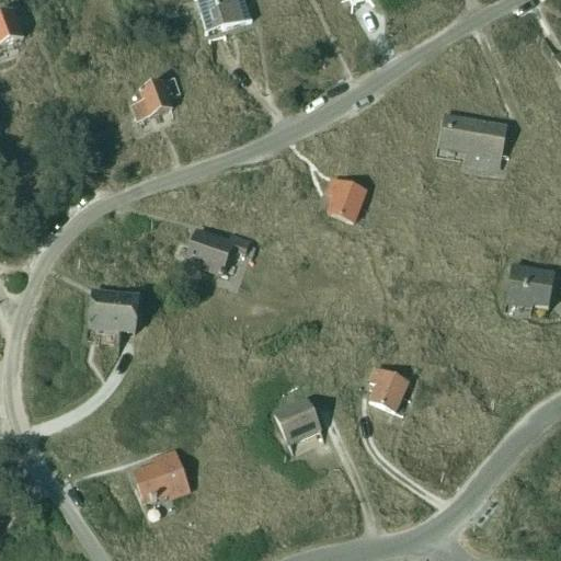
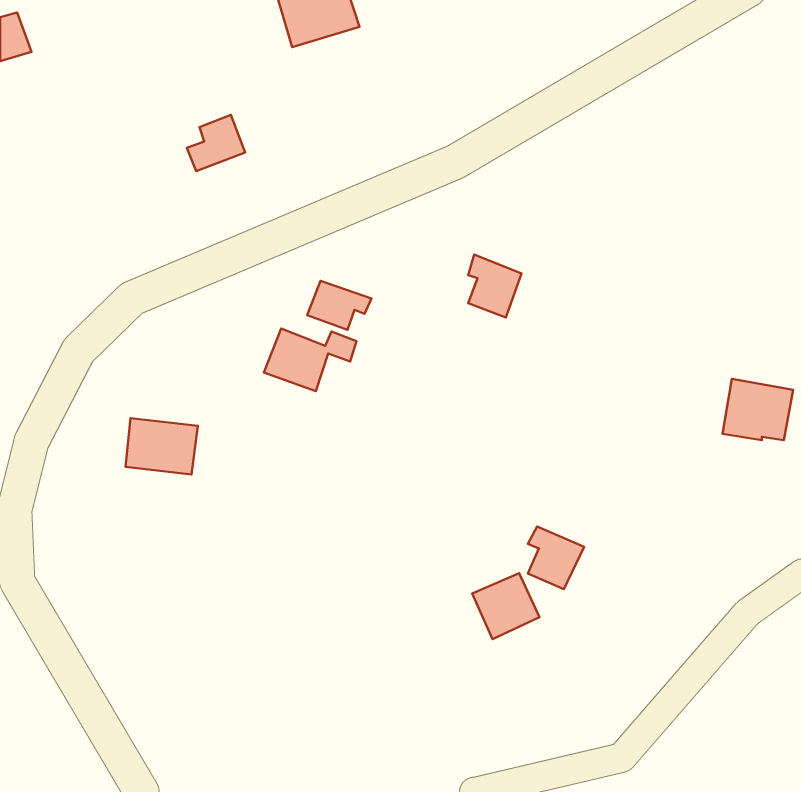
building: [438,114,504,165] -> none
building: none -> [307,281,371,330]
building: [274,397,321,443] -> [472,573,540,639]
building: [135,449,190,501] -> none

